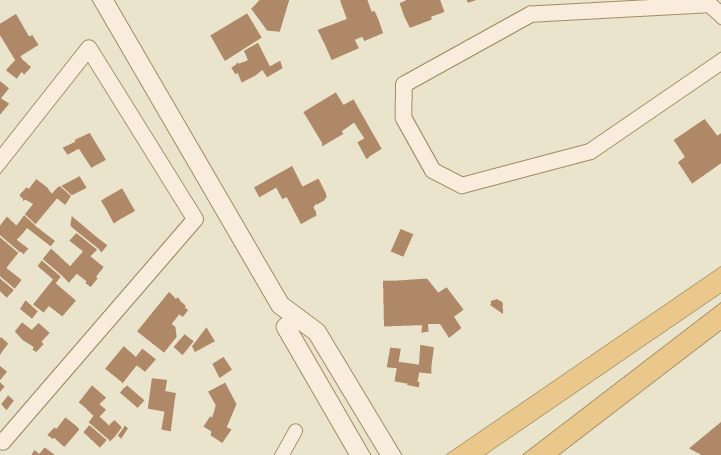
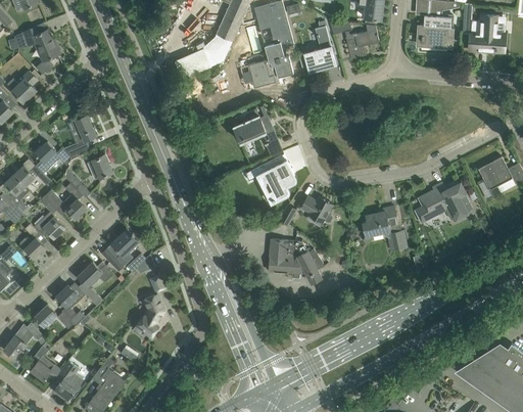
building: [230,41,284,84] -> none
building: none -> [413,180,473,222]
building: [253,164,327,225] -> [250,158,299,200]
building: none -> [296,196,332,224]
building: none -> [362,207,406,251]
building: [386,344,435,388] -> none
building: [147,378,177,432] -> none

